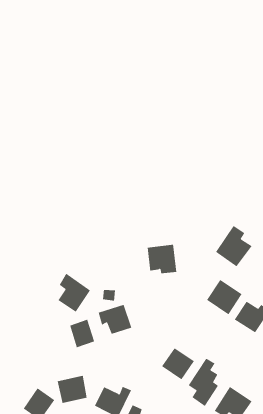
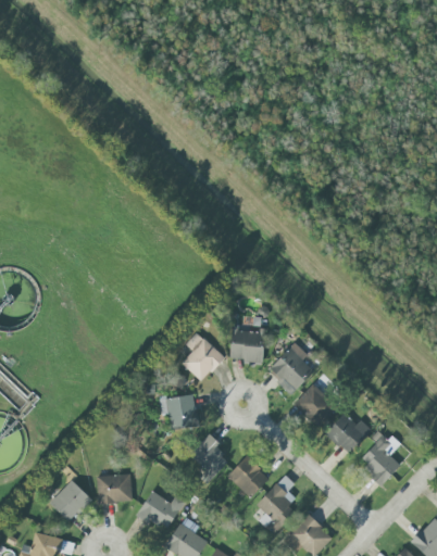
building: [215,225,252,267] -> [267,342,314,394]
building: [57,273,91,312] -> [182,331,224,381]
building: [69,319,95,348] -> none
building: none -> [188,432,229,478]

